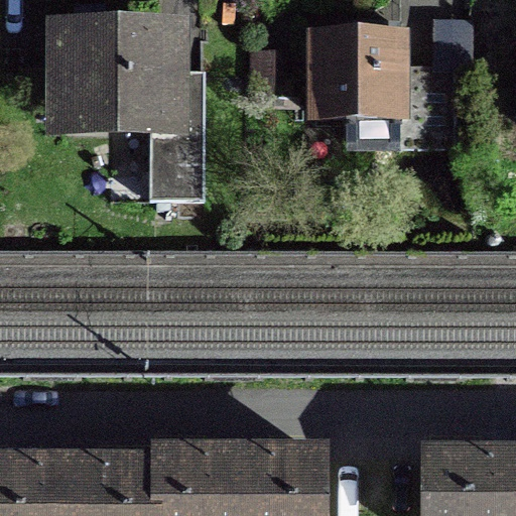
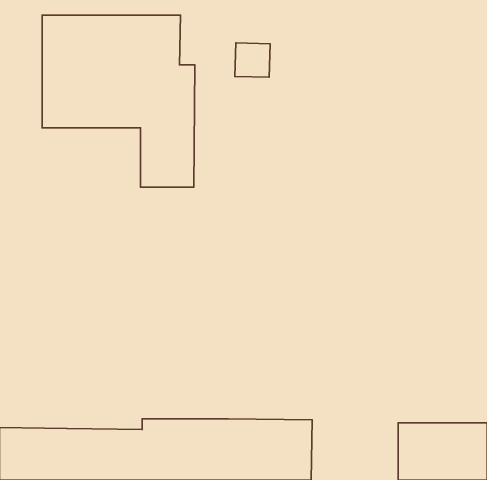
building: [305,27,455,146] -> none

